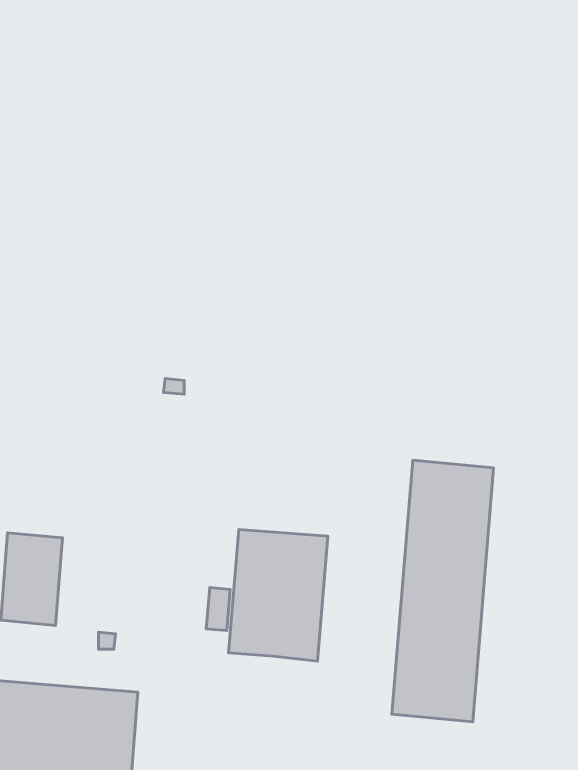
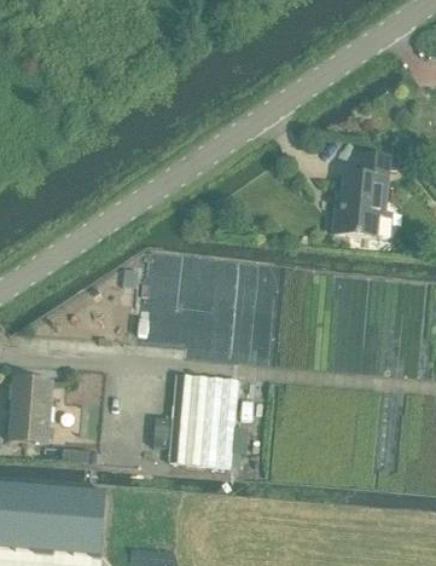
building: none -> [333,152,399,237]
building: [392,460,494,722] -> none

